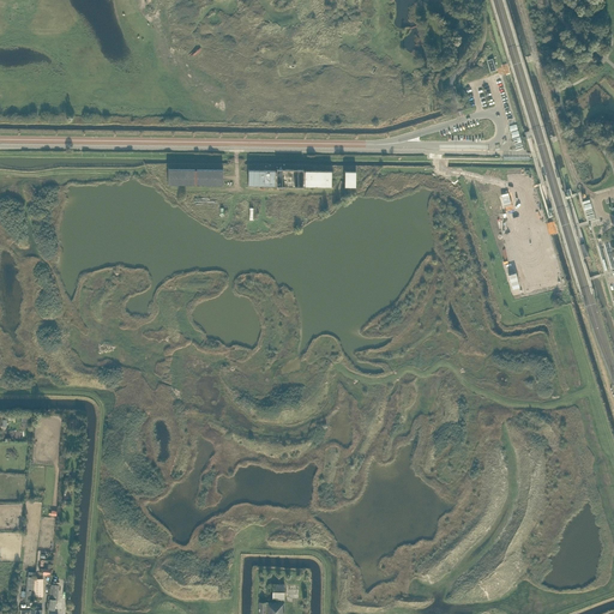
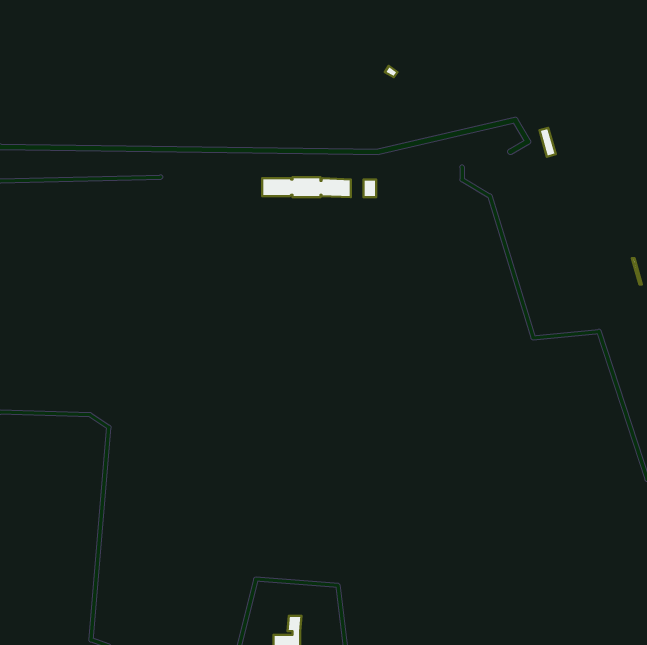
building: [168,169,224,186] -> none

